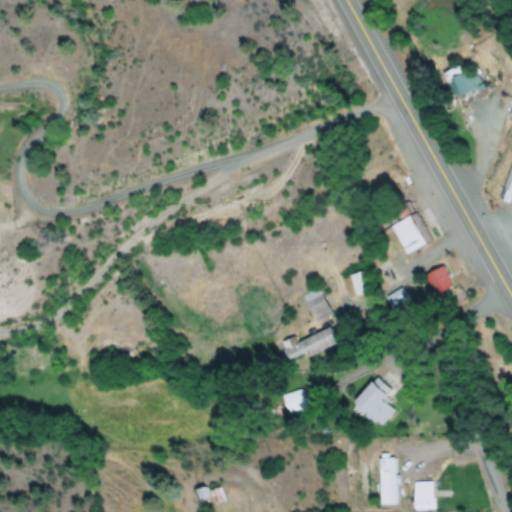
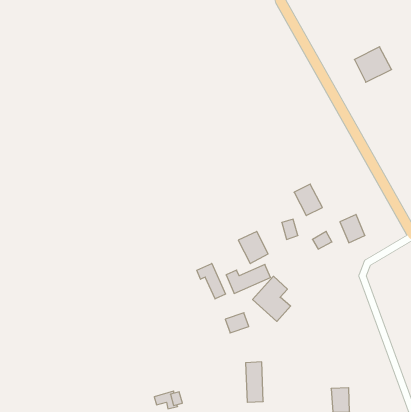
building: [394,213,429,252] -> [294,184,322,216]
building: none -> [197,263,226,299]
building: [351,374,398,430] -> [253,276,291,321]
building: [378,457,400,507] -> [246,362,263,402]

